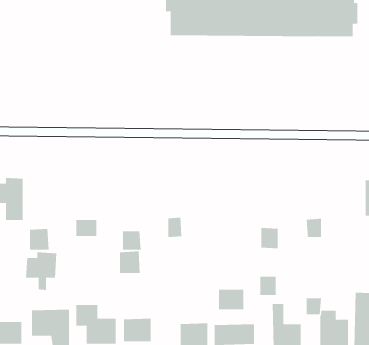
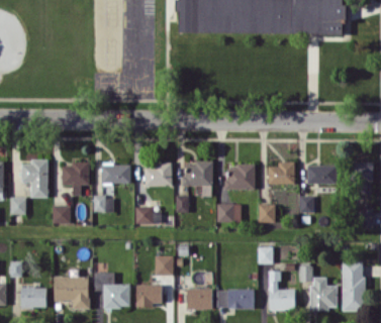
building: none -> [183,162,212,197]
building: none -> [267,162,294,185]
building: none -> [224,164,255,190]
building: none -> [100,165,130,184]
building: none -> [144,165,171,187]
building: none -> [306,166,337,185]
building: [119,251,141,274] -> [154,255,173,276]
building: [25,252,57,291] -> [61,162,89,196]
building: [218,289,244,310] -> [216,204,240,222]

